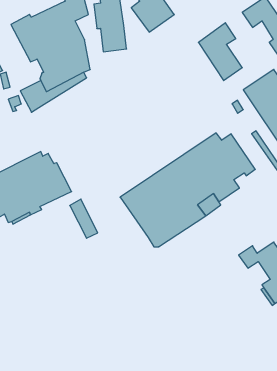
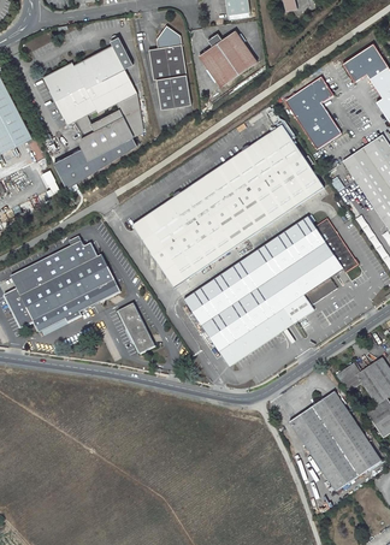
building: none -> [132,125,324,286]
building: none -> [289,392,379,490]

